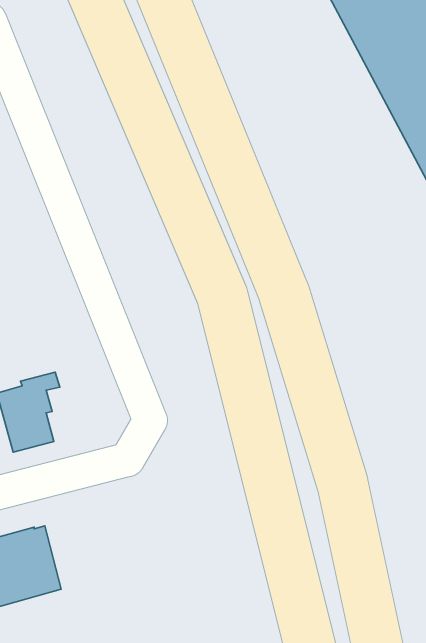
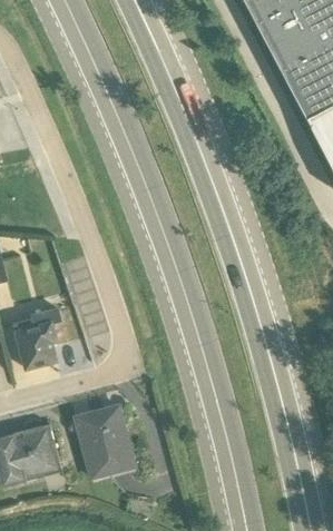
building: none -> [75,405,134,479]

